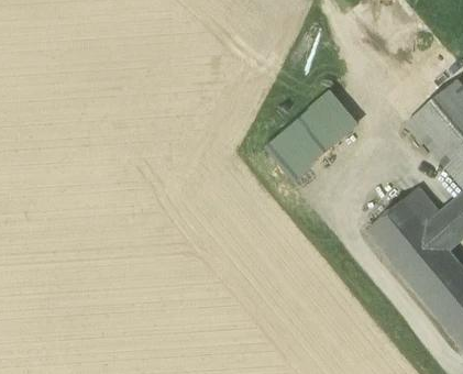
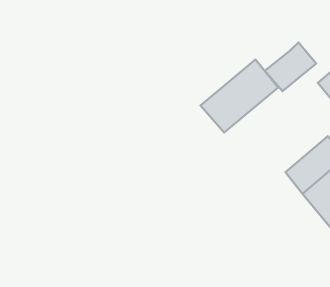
building: none -> [265,43,316,91]

